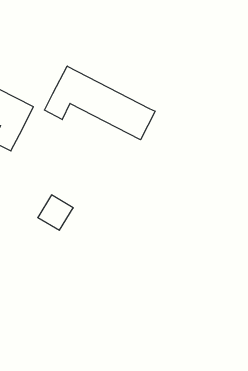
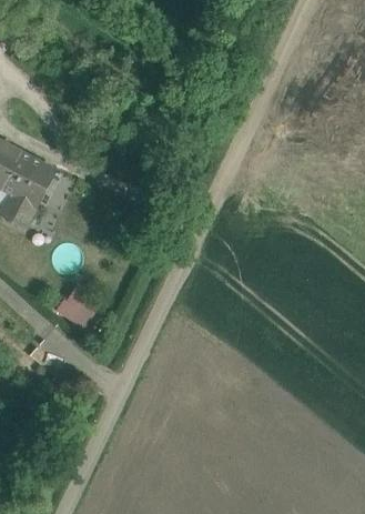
building: [44,66,155,140] -> none

